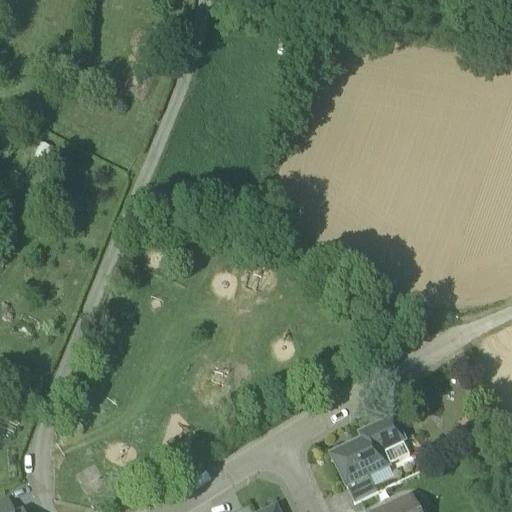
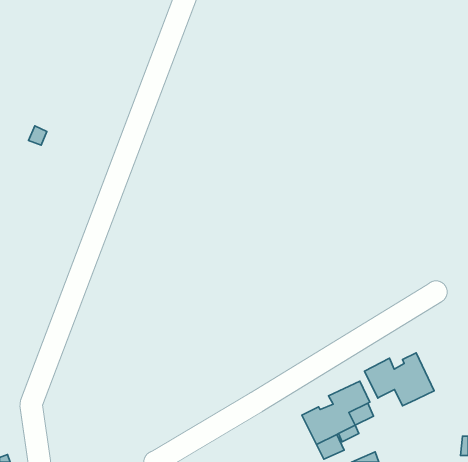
building: none -> [365,353,434,406]

